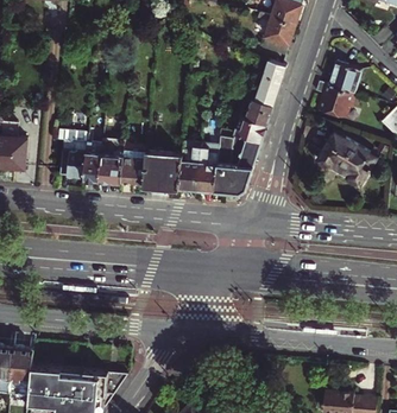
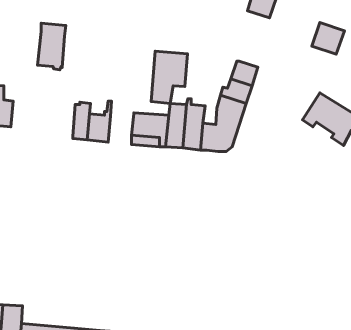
building: [253,61,285,107] -> none
building: [315,82,355,119] -> none
building: none -> [151,51,187,103]
building: [59,132,88,179] -> [38,23,66,70]
building: [120,154,146,185] -> none

